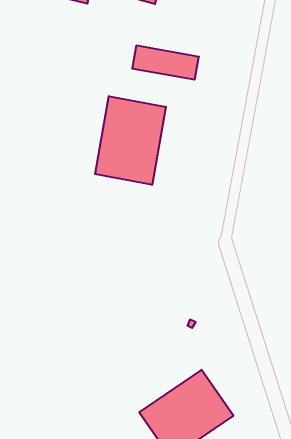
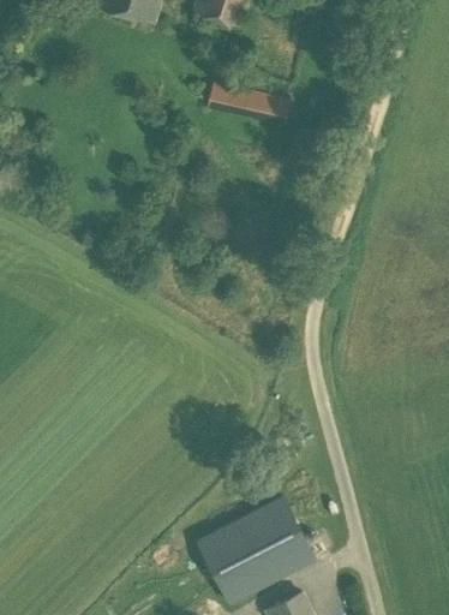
building: [95,96,166,185] -> none

